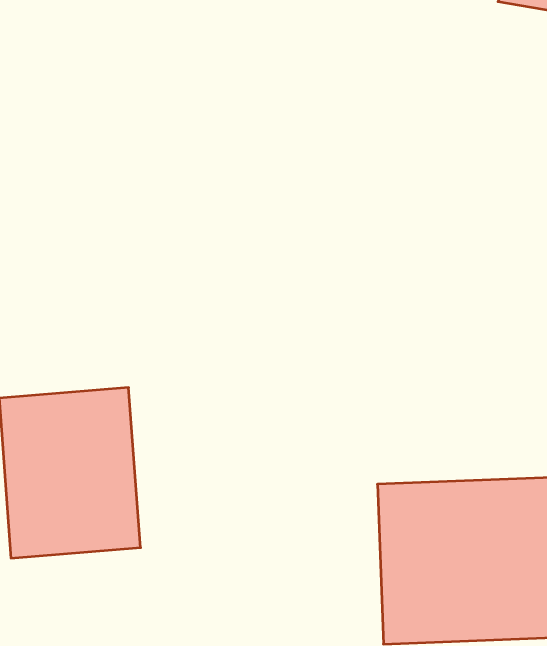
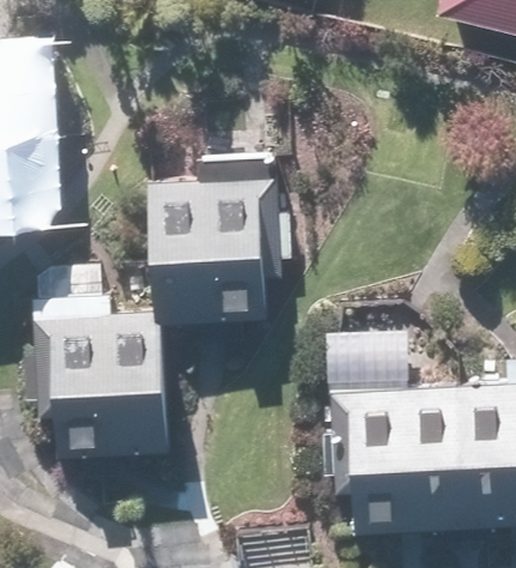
building: none -> [153,182,272,325]

